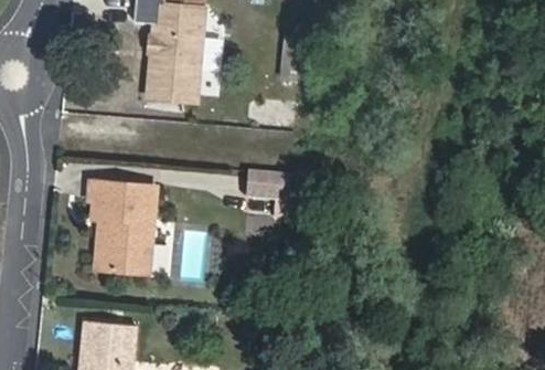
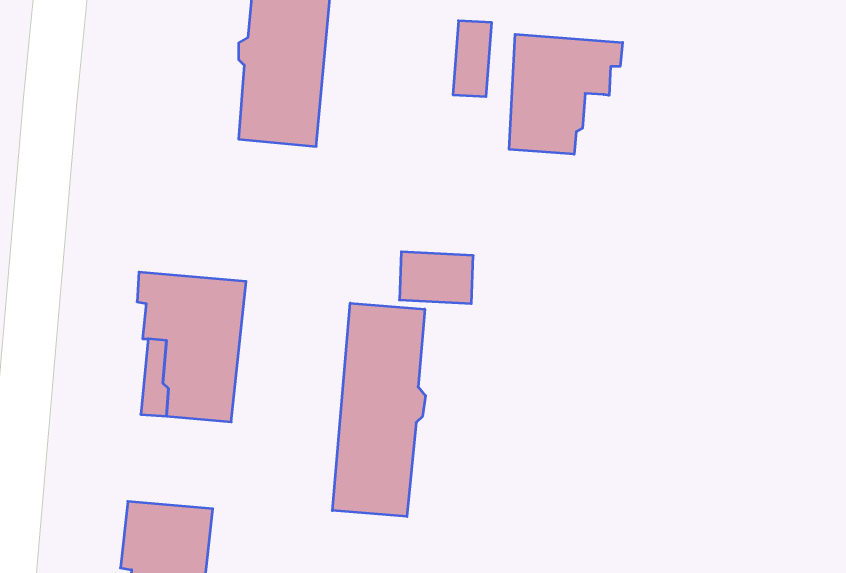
building: none -> [509,34,623,154]
building: none -> [332,303,426,517]

